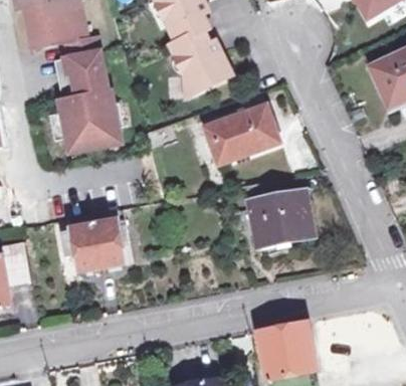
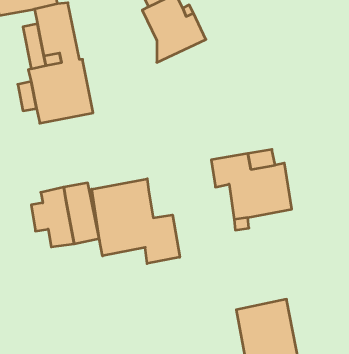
building: [205,106,278,164] -> none
building: none -> [92,179,180,264]

